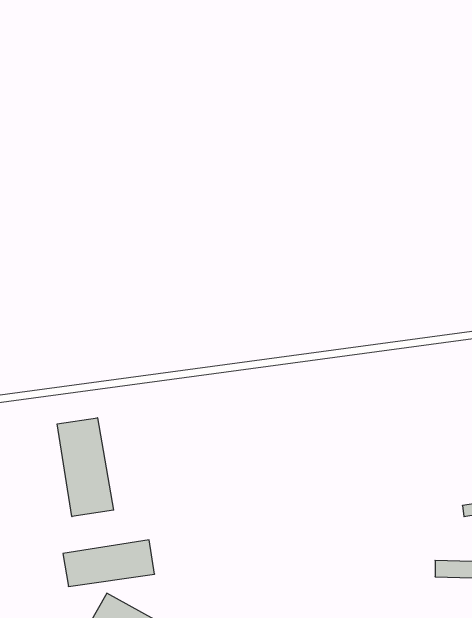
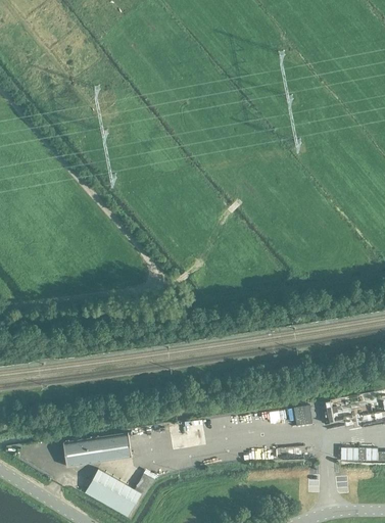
building: [57,418,114,517] -> none

